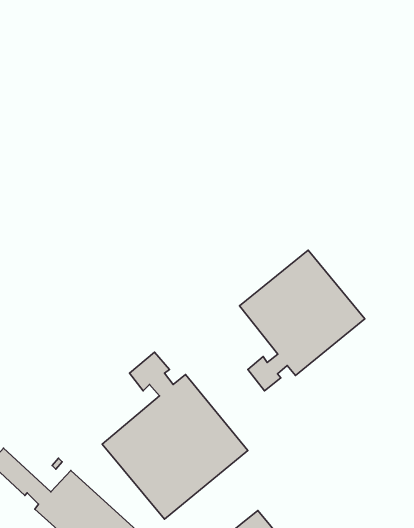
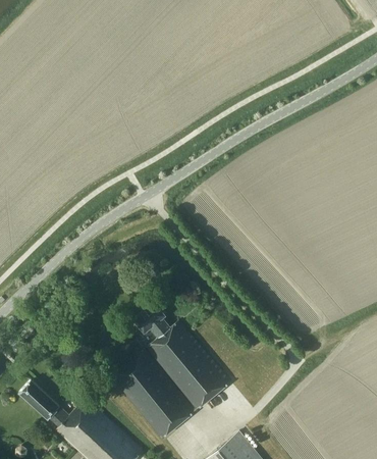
building: [240,250,365,391] -> none

